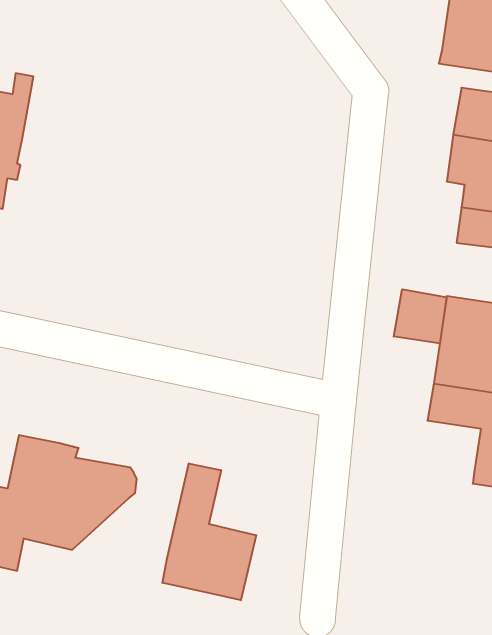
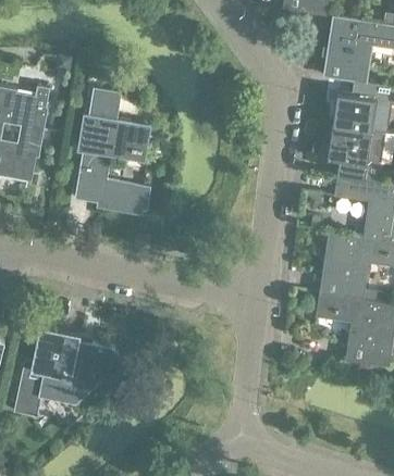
building: none -> [74,86,151,210]
building: [394,289,447,343] -> none
building: [162,463,256,600] -> none

